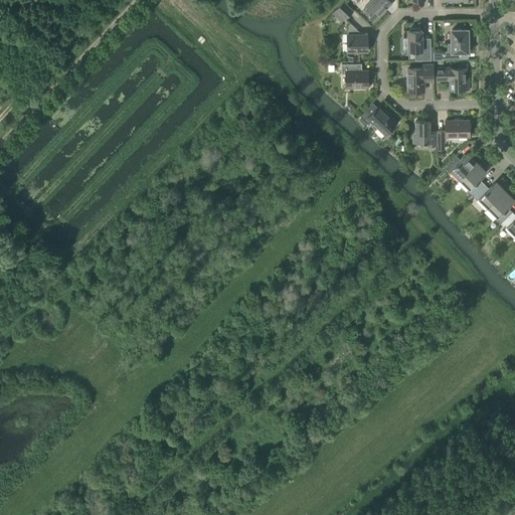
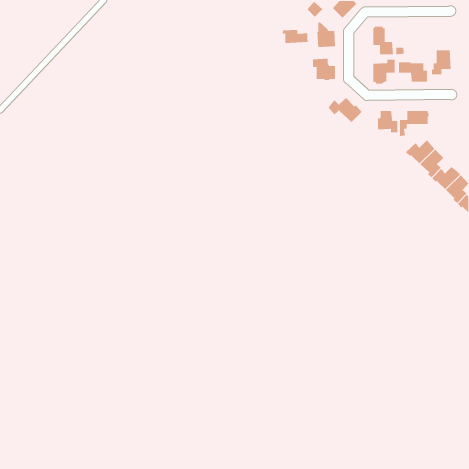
building: [447,30,469,58] -> [431,50,451,75]
building: none -> [282,29,309,44]

